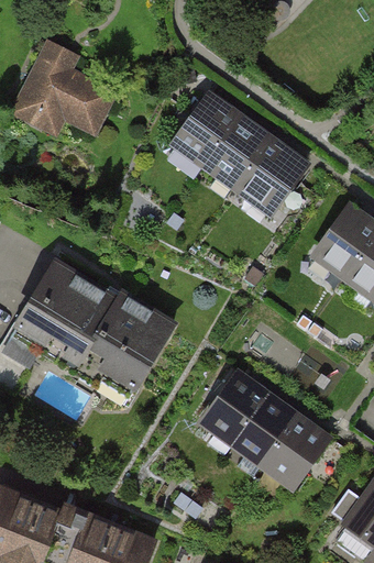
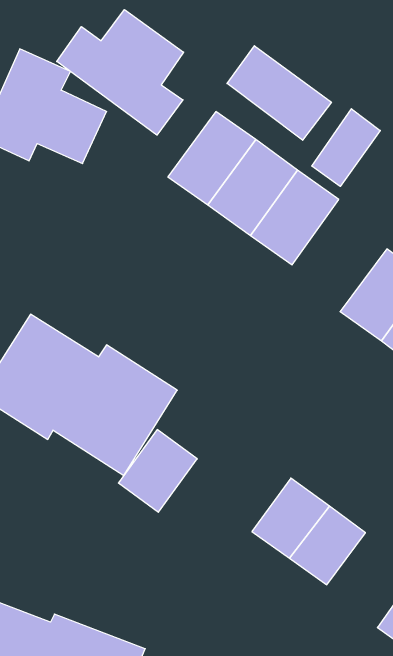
building: none -> [57,10,184,135]
building: none -> [227,46,331,140]
building: none -> [312,109,380,186]
building: [205,371,270,439] -> [118,430,197,512]

